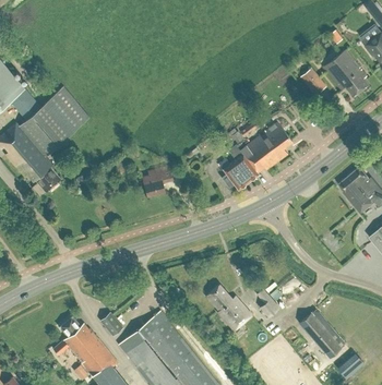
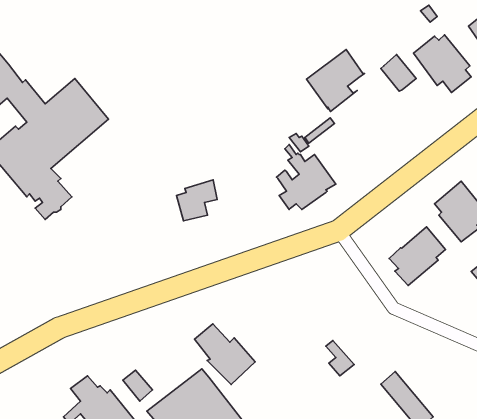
building: [248,122,293,170] -> [307,49,364,111]
building: none -> [389,227,445,285]
building: [205,284,252,330] -> [195,324,255,384]

